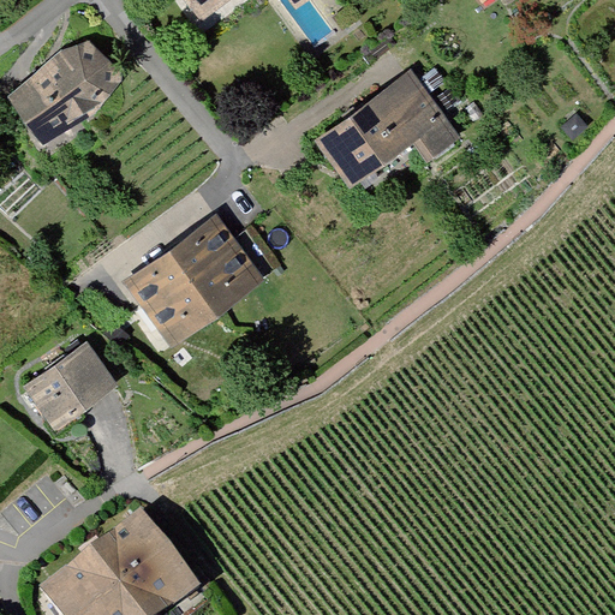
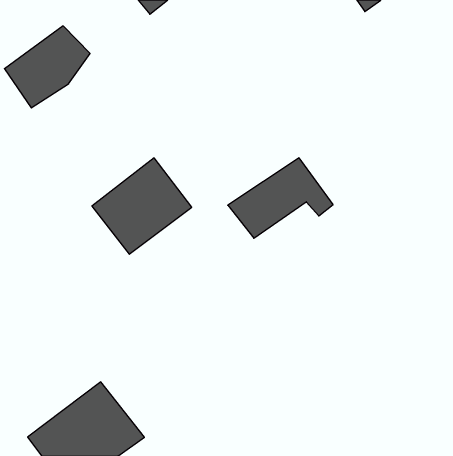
building: [318,73,460,181] -> [228,158,333,238]
building: [19,345,113,434] -> none

